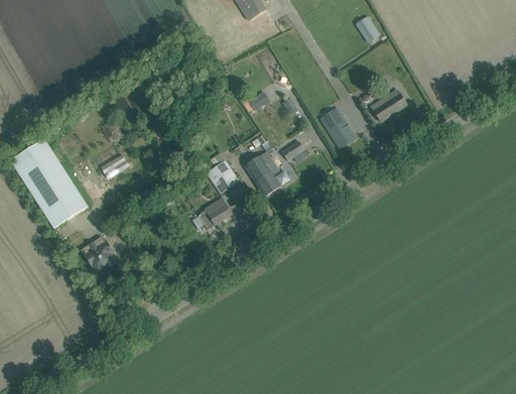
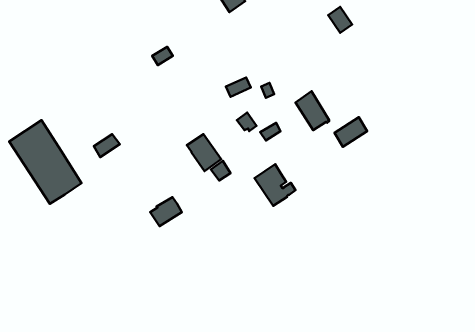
building: [372,90,407,122] -> [334,117,367,147]
building: [245,151,289,196] -> [255,164,296,206]
building: [198,199,232,230] -> [150,197,182,226]
building: [82,237,118,270] -> none

